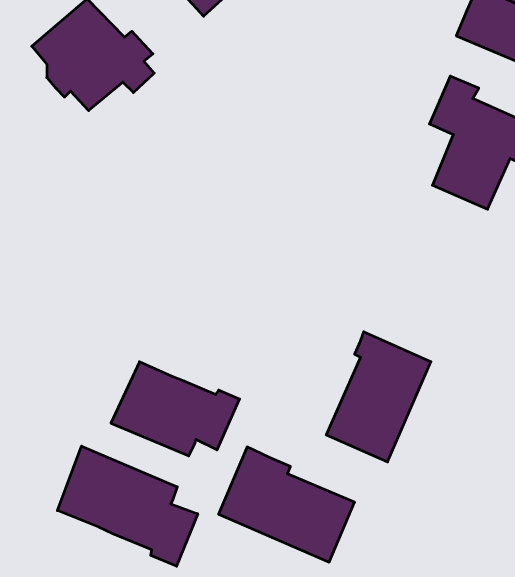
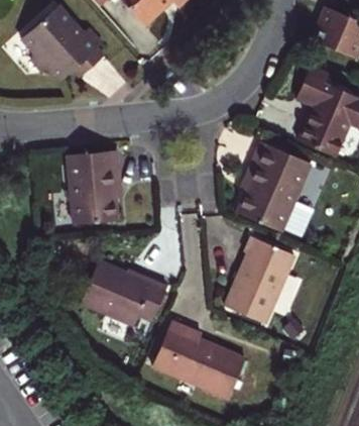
building: none -> [235,144,310,233]
building: none -> [66,150,117,224]
building: [57,446,198,566] -> none

